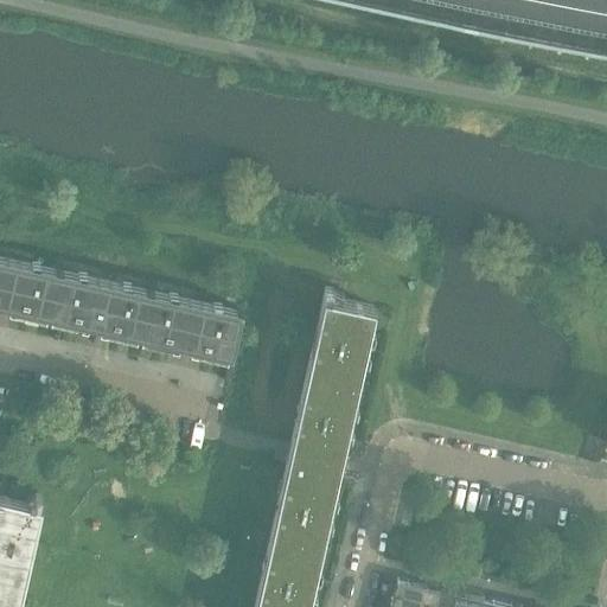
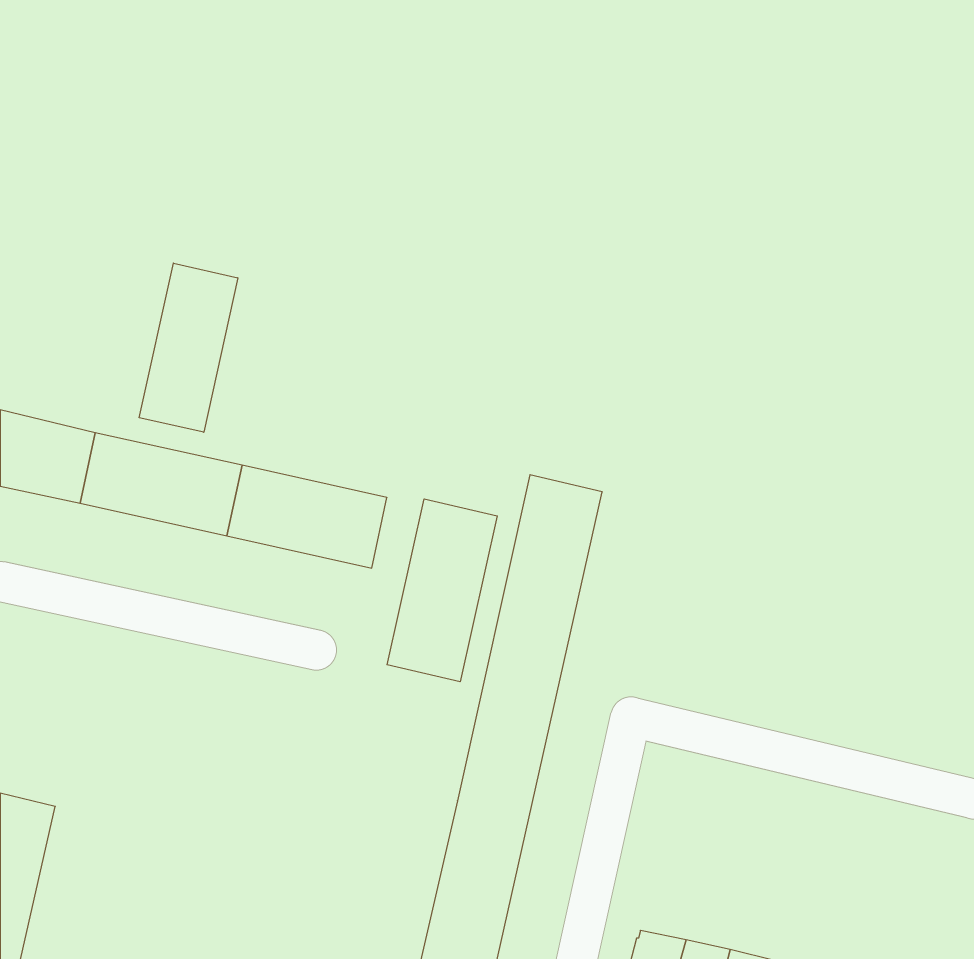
building: none -> [139,263,238,432]
building: none -> [387,499,497,682]

